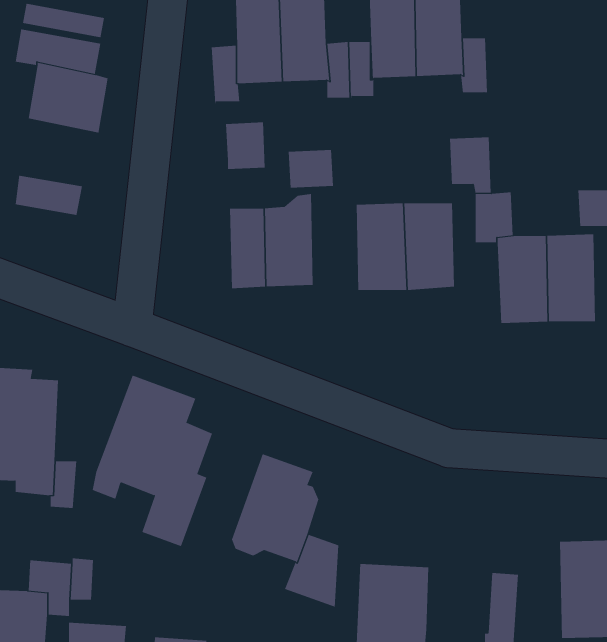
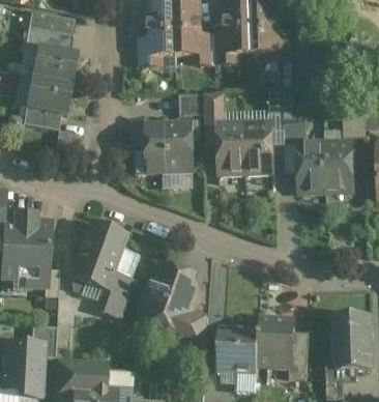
building: none -> [26,76,71,115]
building: [225,122,266,170] -> [203,92,226,119]
building: none -> [257,319,293,367]

